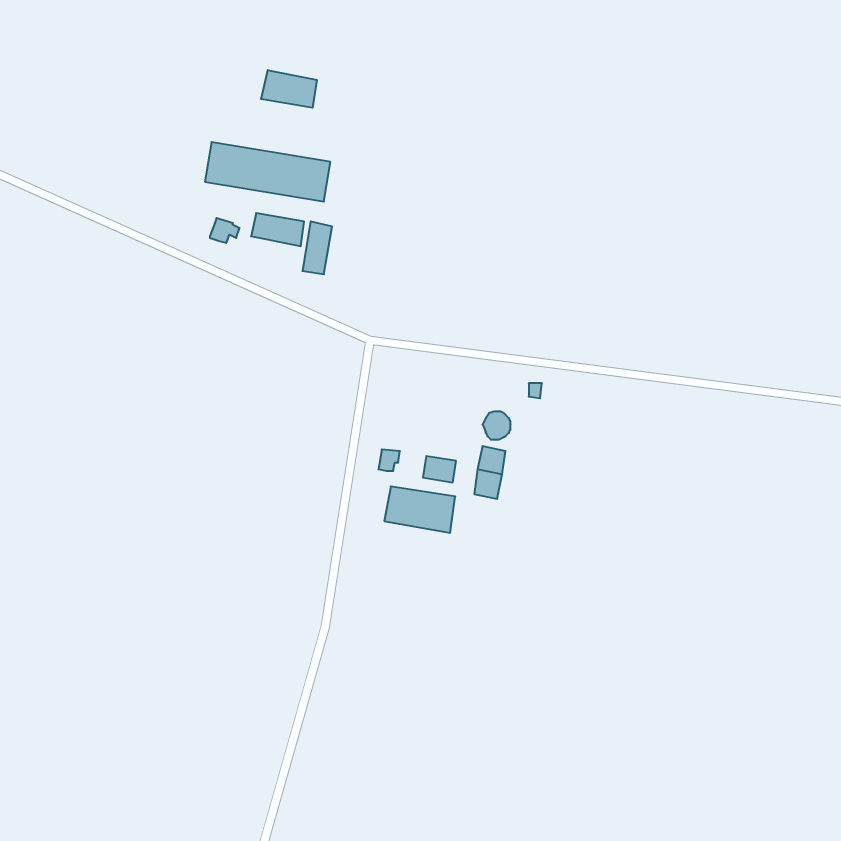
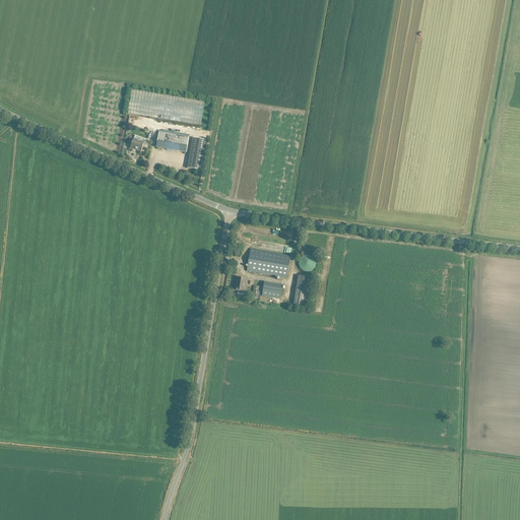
building: [261,70,317,108] -> none
building: [384,486,455,533] -> [245,248,288,276]

